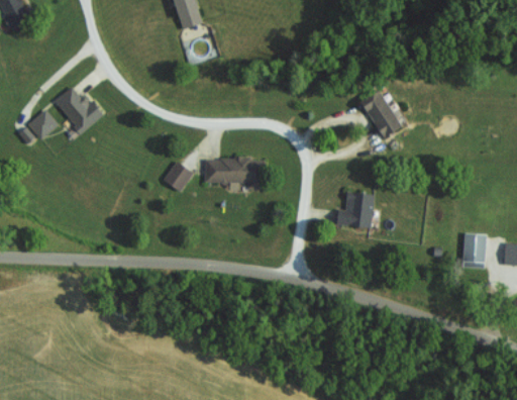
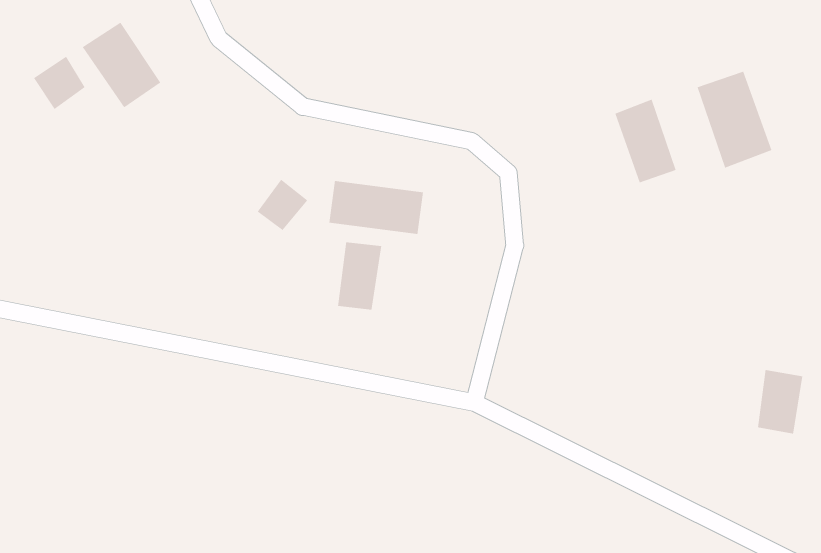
building: none -> [697,71,772,169]
building: none -> [337,241,382,310]
building: [335,193,374,228] -> none

